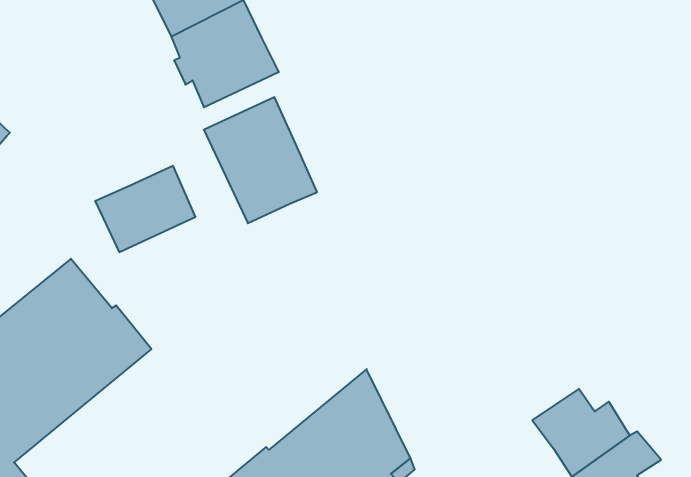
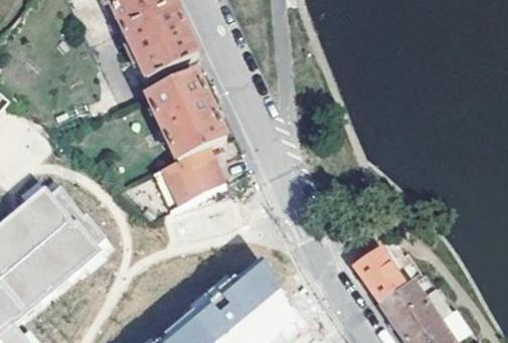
building: [95,166,196,252] -> [151,147,222,208]
building: none -> [354,241,420,301]

